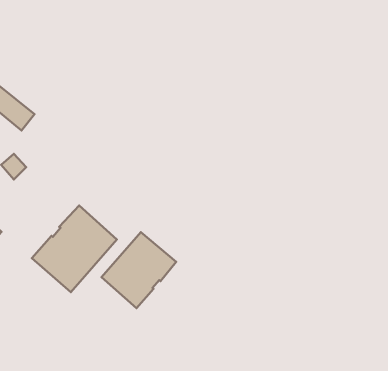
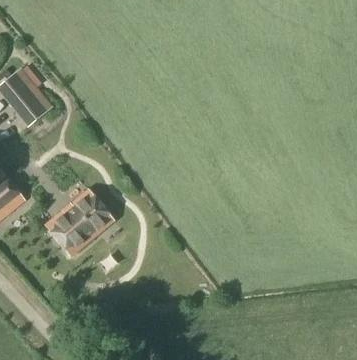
building: [101,232,176,308] -> none

